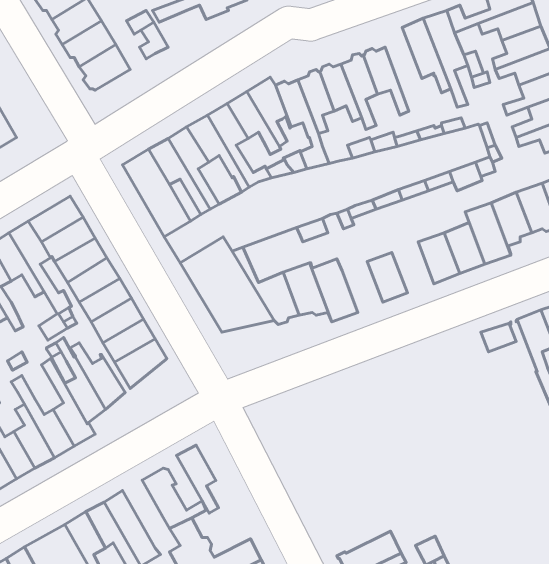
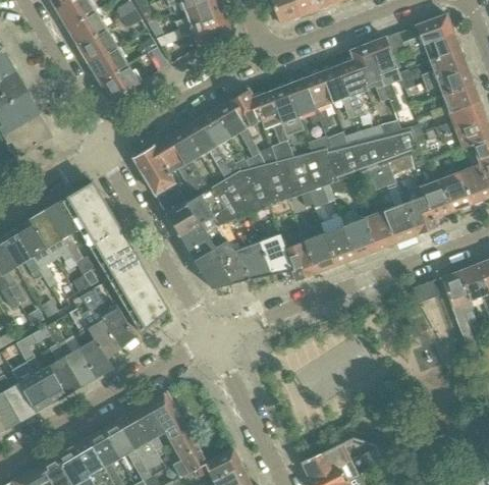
building: none -> [338,50,367,115]
building: none -> [343,217,376,257]
building: none -> [305,232,336,272]
building: [177,445,218,513] -> [133,402,166,455]

